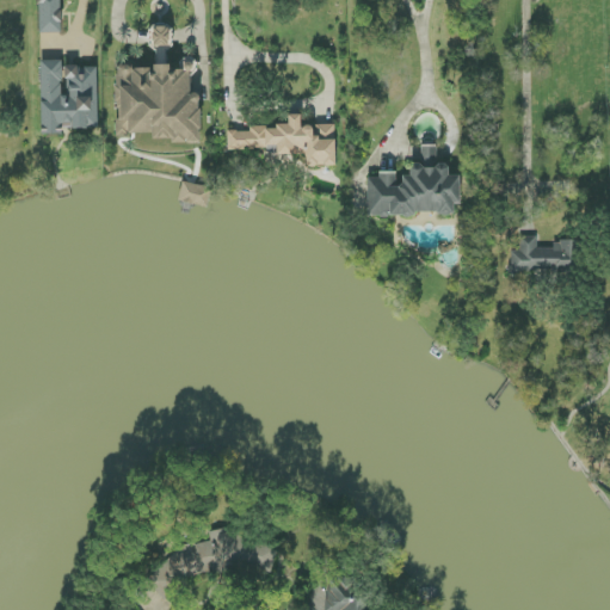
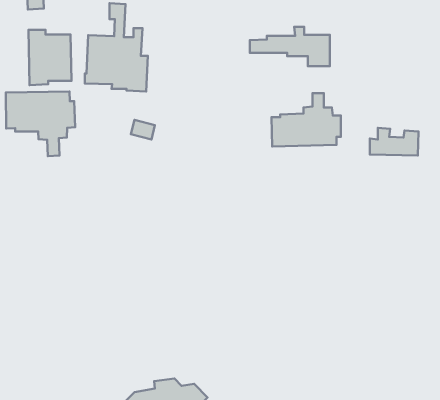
building: [227,113,334,166] -> [250,27,330,66]
building: none -> [6,91,75,156]
building: [509,235,574,272] -> [370,128,419,155]

